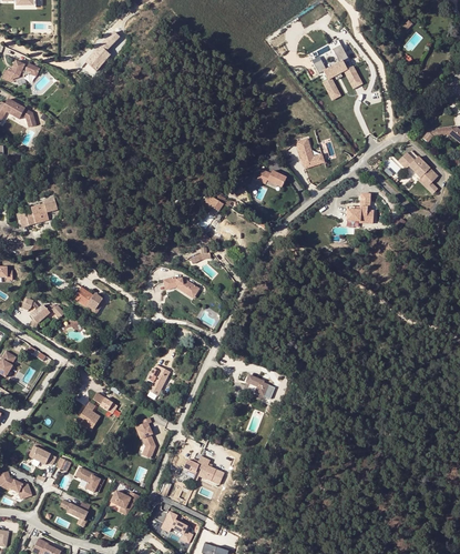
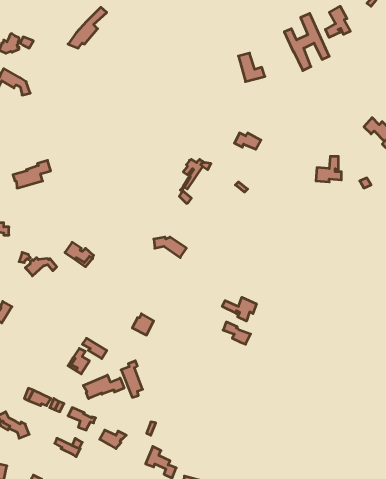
building: none -> [325,6,350,37]
building: [296,137,325,168] -> [238,53,265,82]
building: none -> [222,297,256,321]
building: none -> [83,375,124,399]
building: [183,456,225,484] -> none

